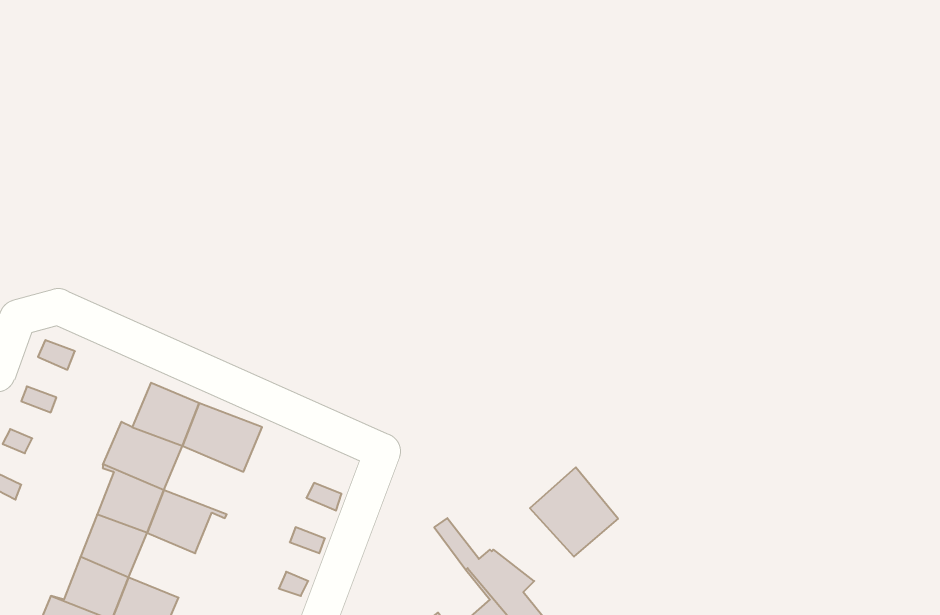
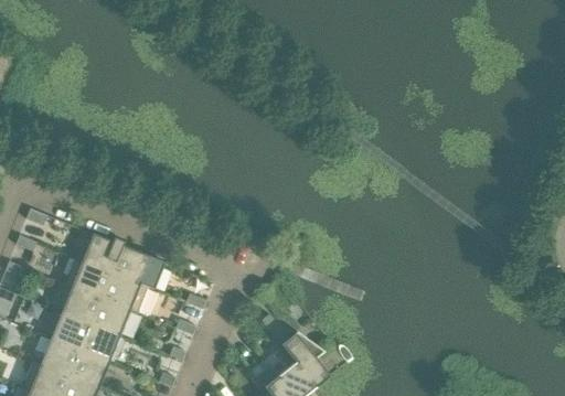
building: none -> [100,271,148,312]
building: [530,467,618,557] -> none
building: none -> [79,323,119,362]

